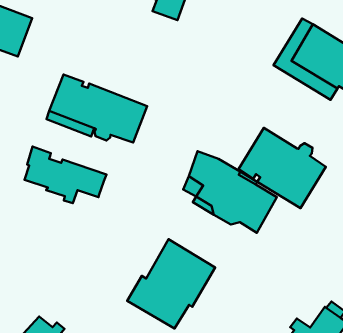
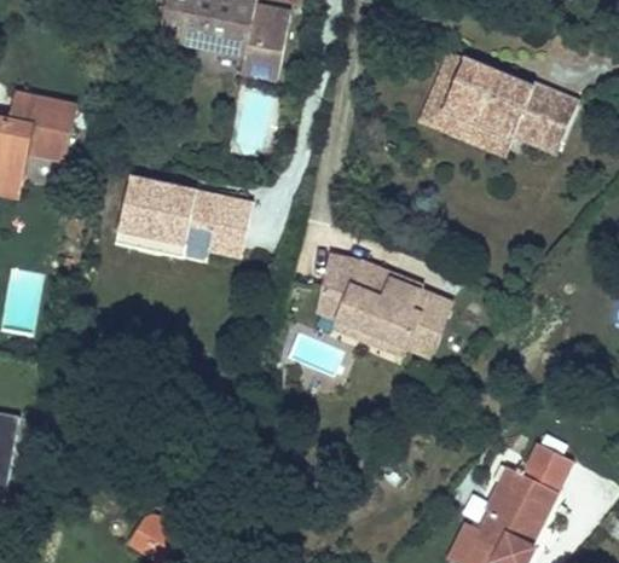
building: [239,128,326,208] -> none
building: [24,147,106,203] -> none
building: [127,239,215,329] -> none

